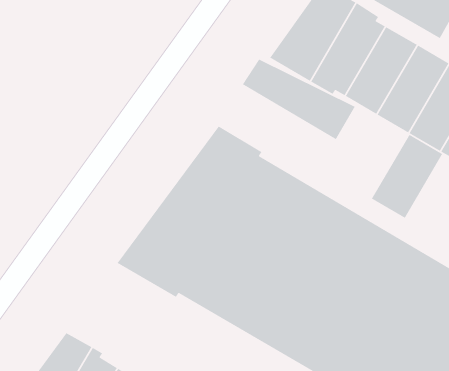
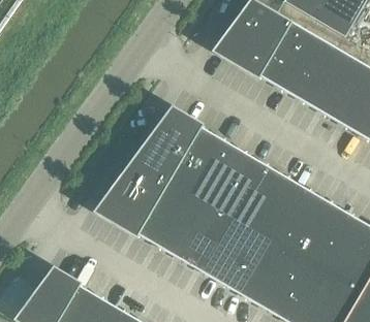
building: [242,59,356,140] -> none
building: [371,134,443,219] -> none

